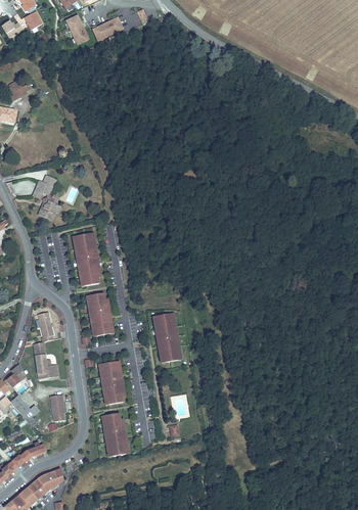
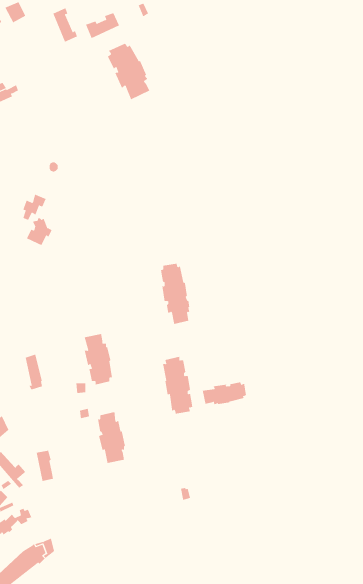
building: none -> [107,43,150,100]
building: [75,235,100,287] -> [160,263,190,324]
building: none -> [202,381,247,405]
building: [34,341,58,375] -> none
building: [104,411,129,455] -> none

